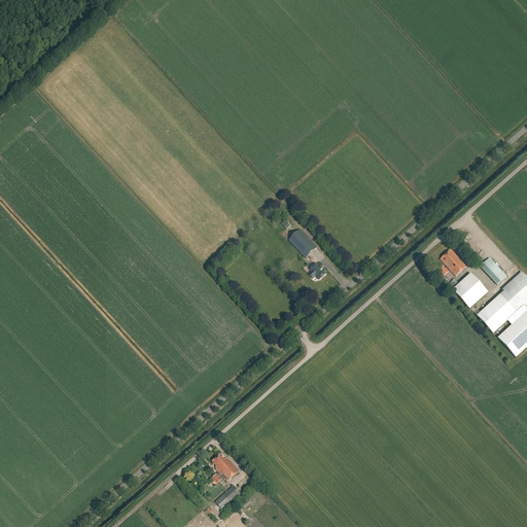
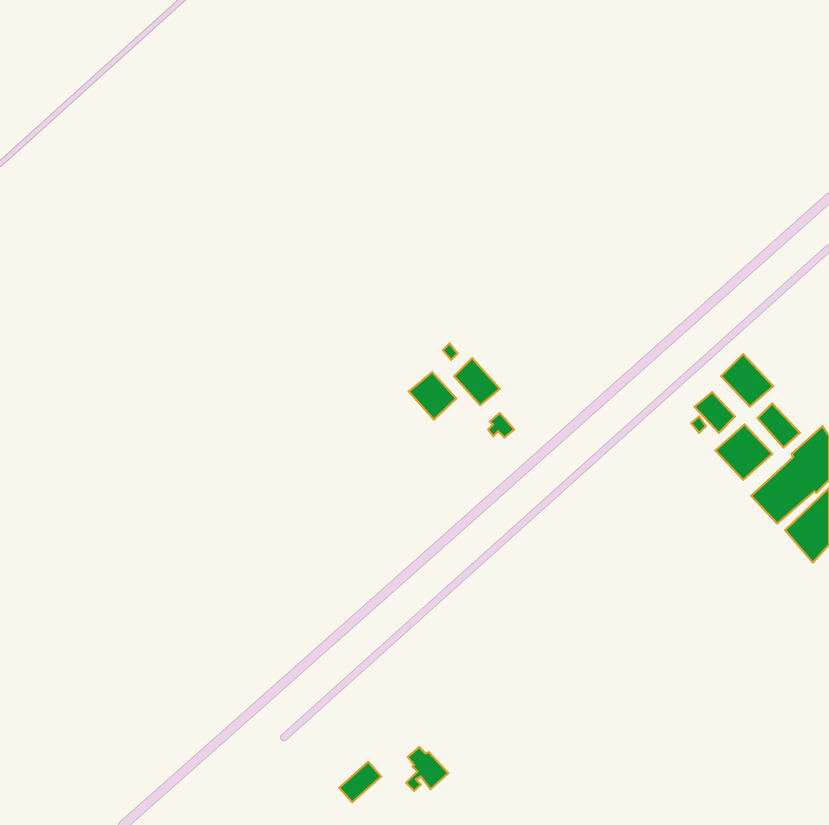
building: none -> [721,354,773,406]
building: none -> [409,372,456,420]
building: [212,454,239,482] -> [406,747,448,791]

